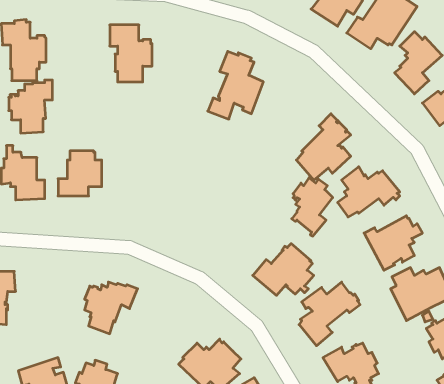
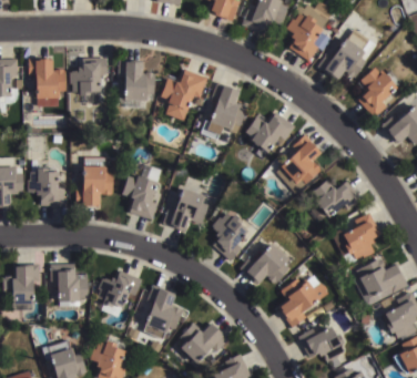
building: none -> [161,71,207,120]
building: [9,80,52,133] -> [70,57,106,101]
building: none -> [246,112,296,151]
building: none -> [121,163,162,219]
building: none -> [162,186,208,232]
building: [292,178,333,236] -> [211,212,245,260]
building: none -> [50,264,89,306]
building: none -> [143,285,183,339]

